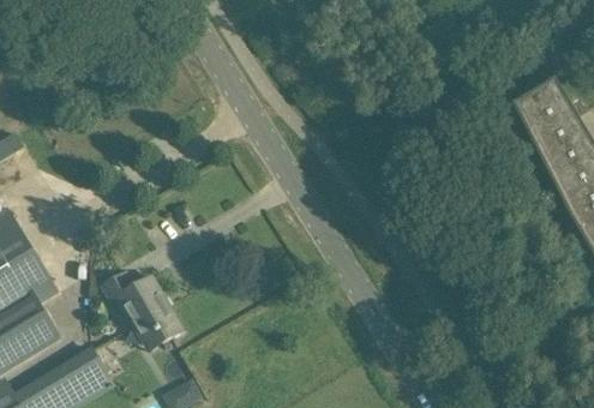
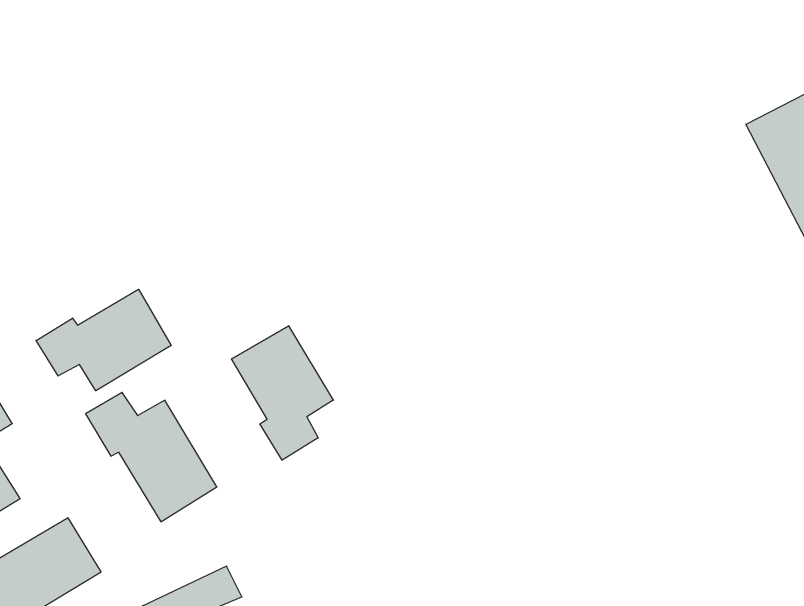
building: none -> [36,289,171,391]
building: none -> [232,326,333,460]

